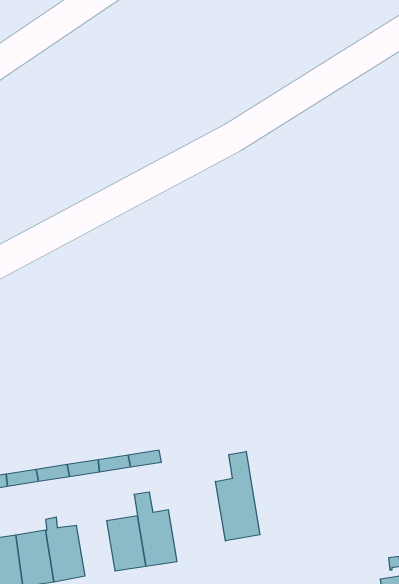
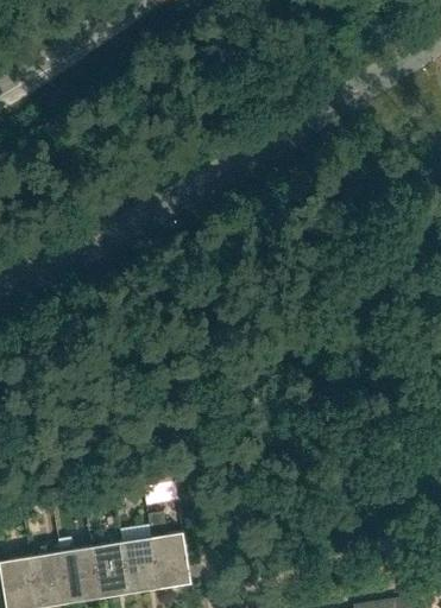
building: [215,451,260,541] -> none
building: none -> [89,543,127,597]

